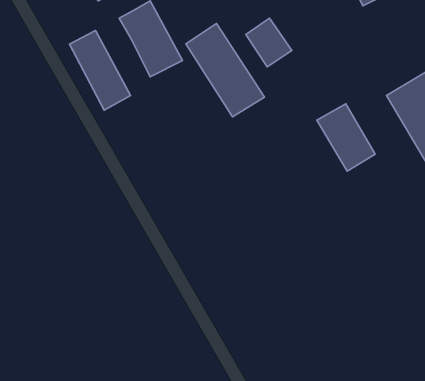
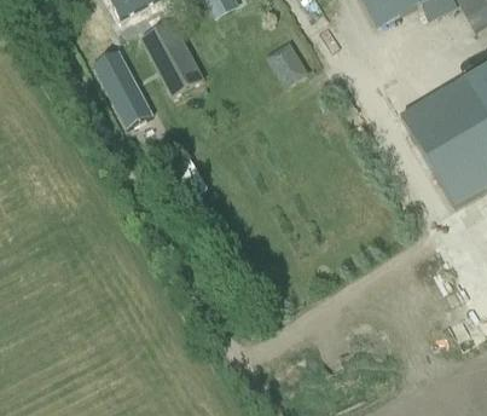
building: [186,24,264,117] -> none
building: [317,104,375,171] -> none

